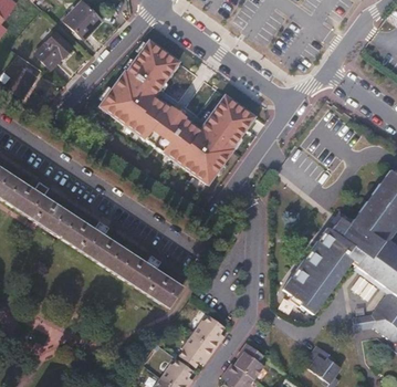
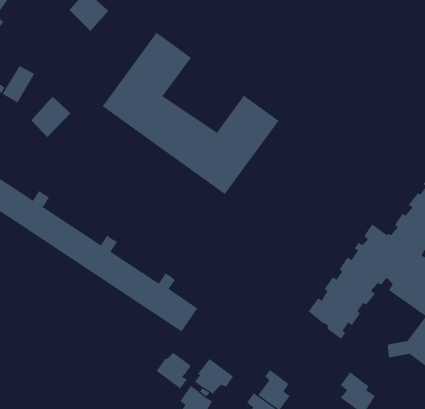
building: [36,31,73,69] -> [30,96,71,138]
building: [192,314,224,347] -> [156,352,192,389]

